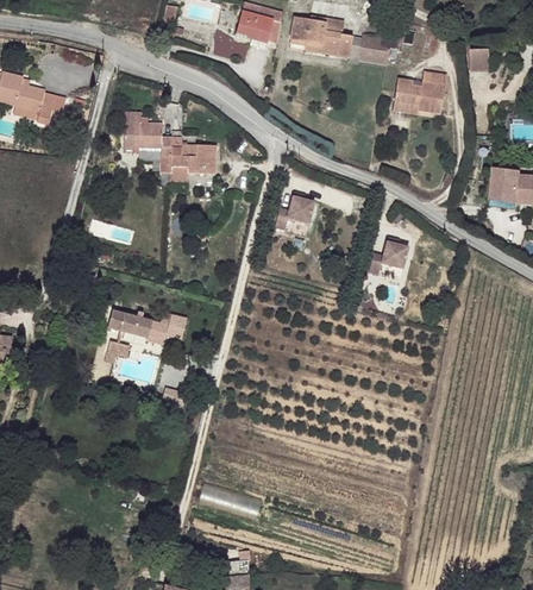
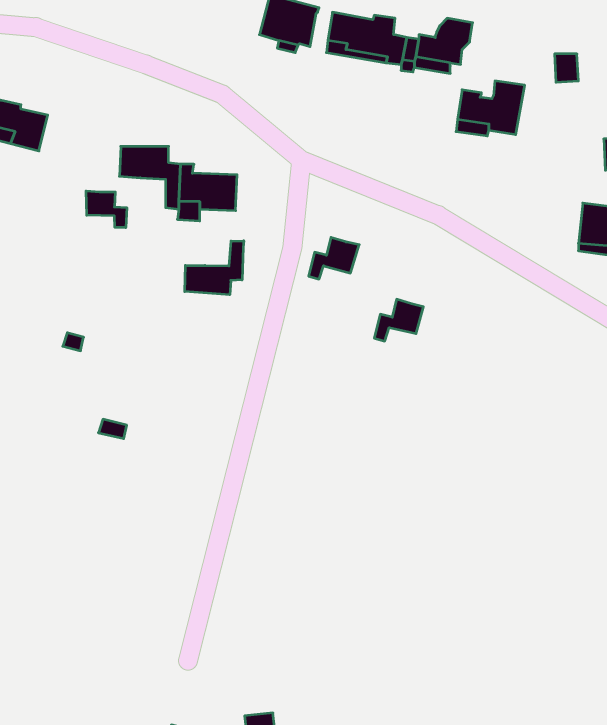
building: none -> [86,191,127,228]
building: none -> [185,241,244,295]
building: [369,240,408,274] -> [374,299,423,341]
building: [108,309,169,344] -> none

